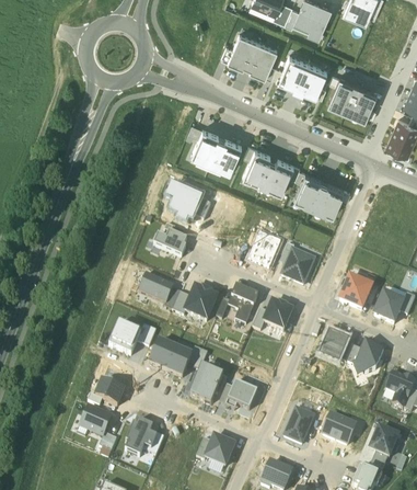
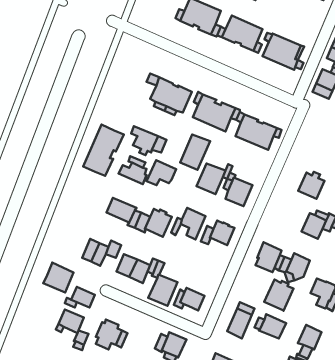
building: none -> [83,124,124,176]
building: none -> [180,134,210,170]
building: none -> [146,160,176,185]
building: [340,274,372,307] -> [298,172,325,199]
building: none -> [43,262,73,293]
building: none -> [264,280,294,311]

